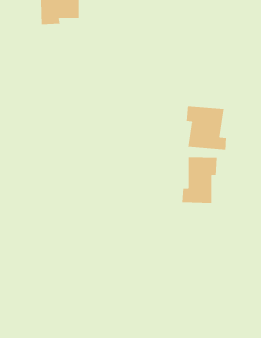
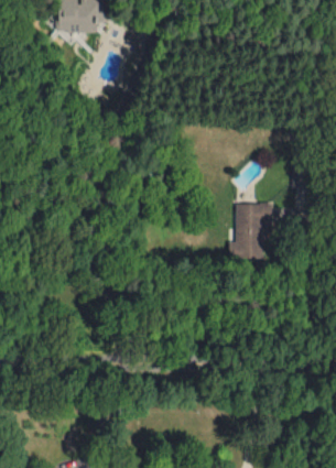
building: [186,105,227,150] -> none

